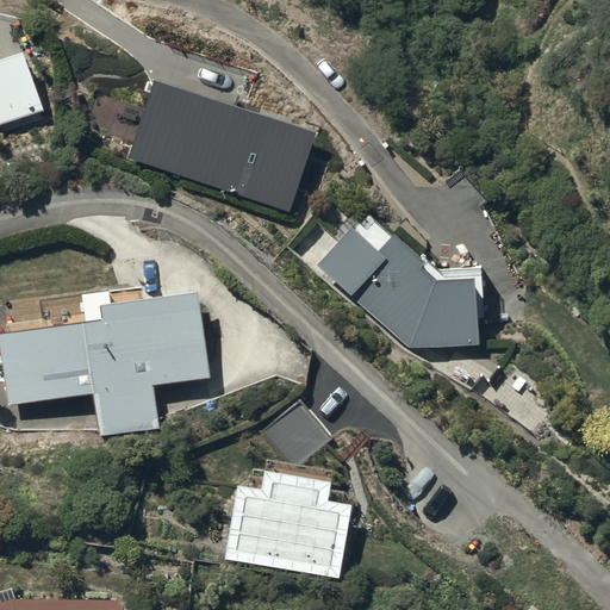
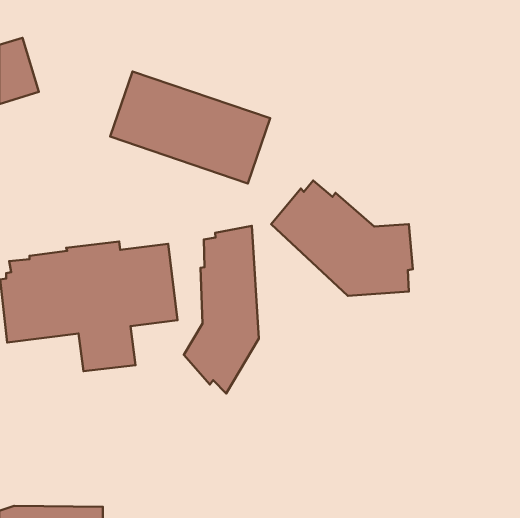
building: none -> [184,226,259,394]
building: [222,466,351,580] -> none

